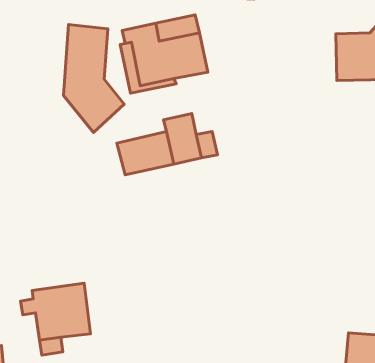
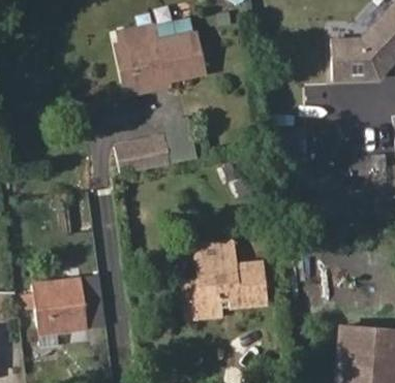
building: [64,25,124,133] -> none
building: none -> [185,241,265,318]

